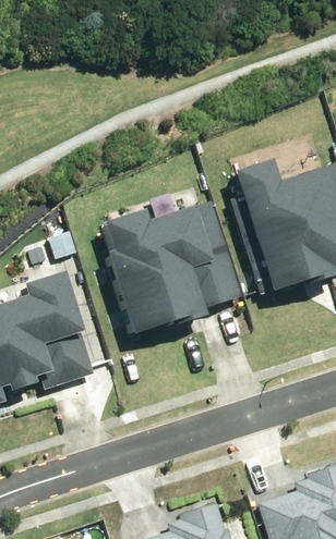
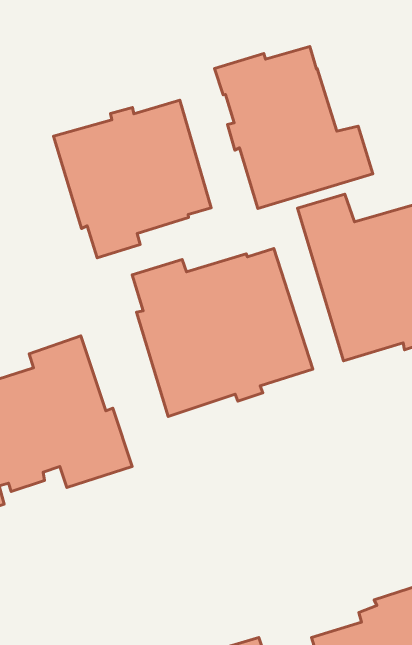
building: none -> [215,46,373,208]
building: none -> [53,100,211,258]

